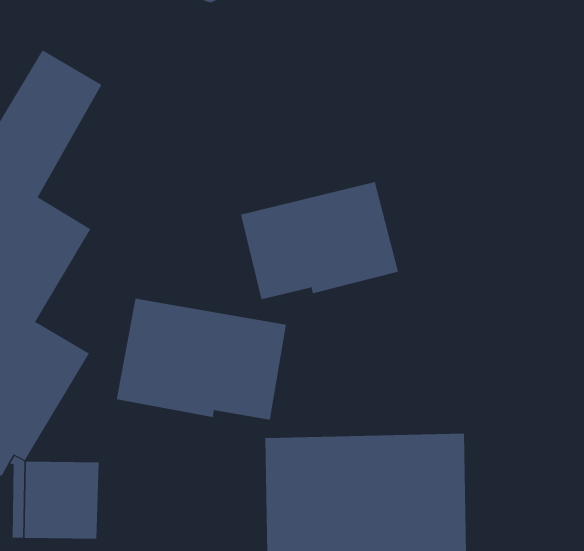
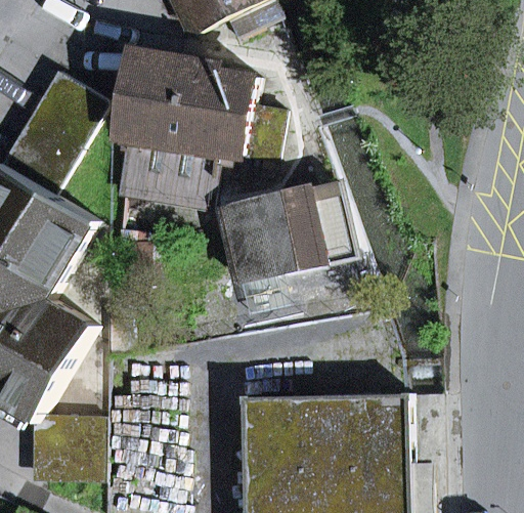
building: none -> [117,52,281,208]
building: [116,298,287,421] -> none

